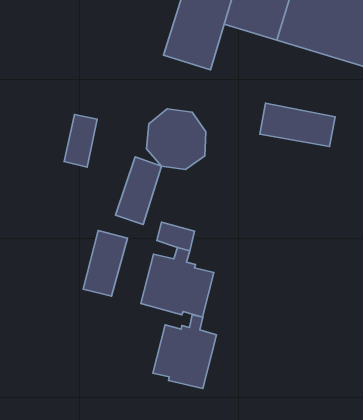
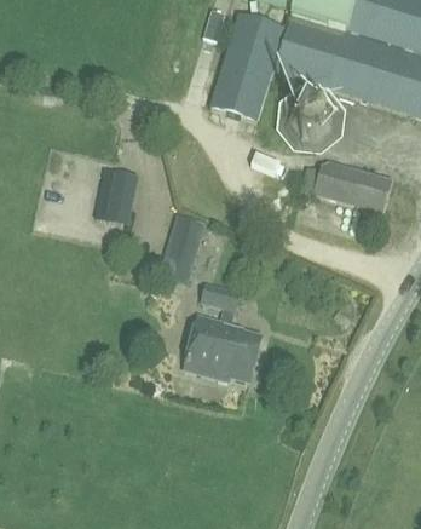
building: [146,109,206,170] -> [278,88,341,153]
building: [83,231,127,296] -> none
building: [153,315,217,388] -> none

